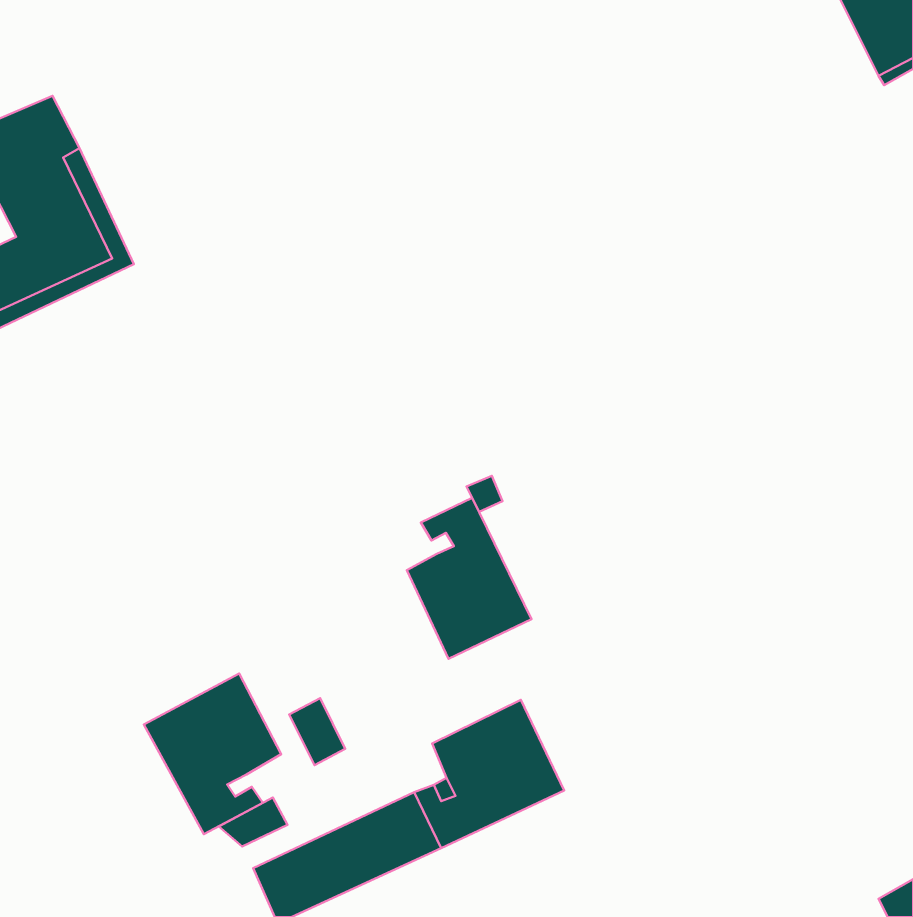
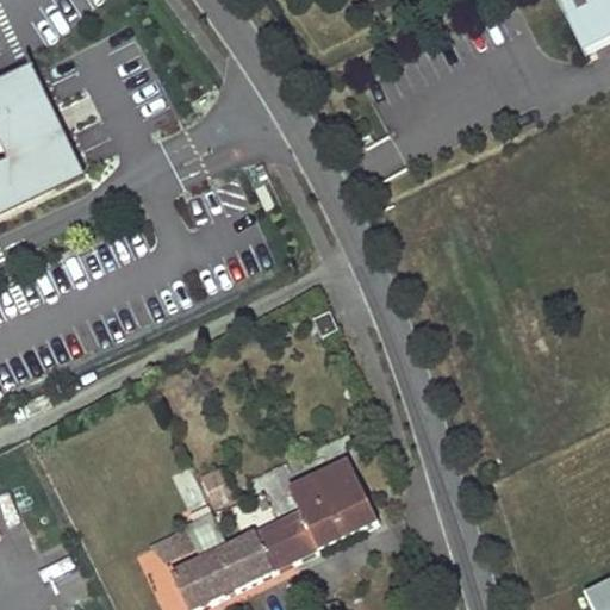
building: [407,498,531,659] -> none
building: [144,674,281,834] -> none

